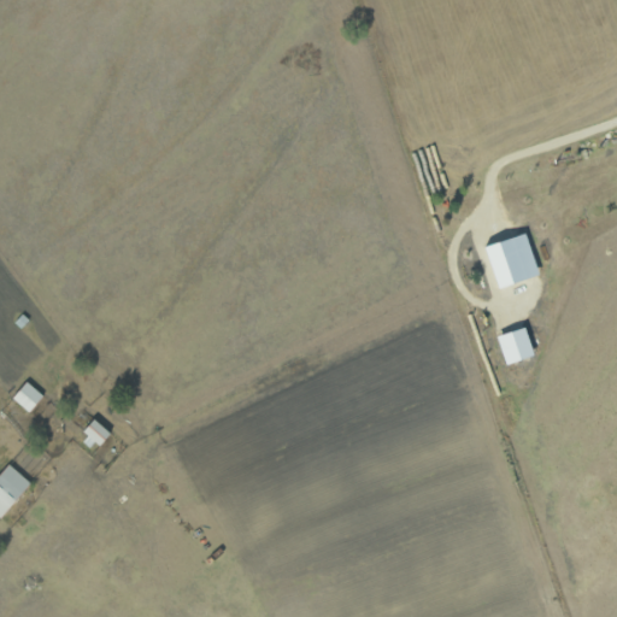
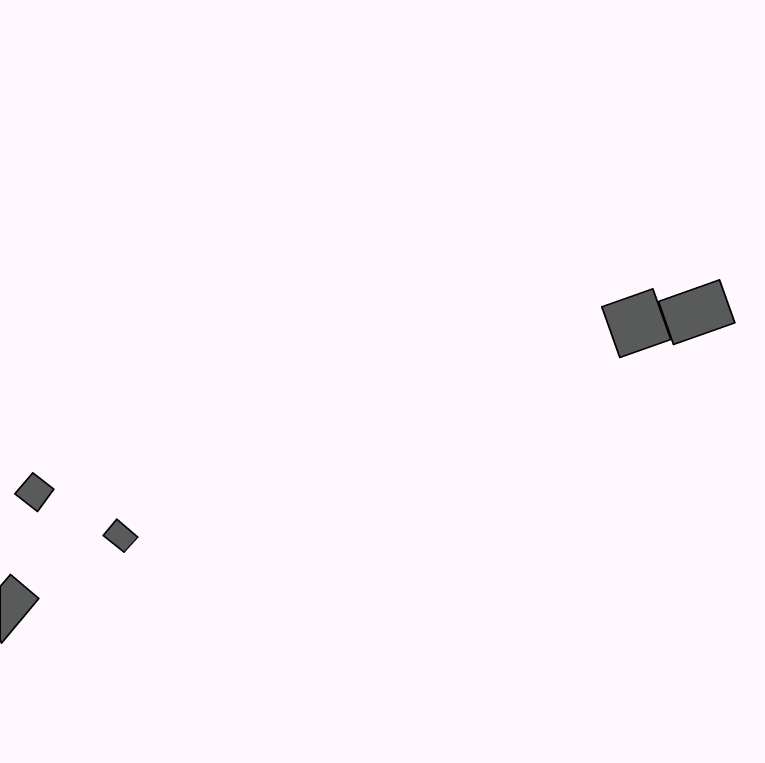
building: none -> [658,280,735,344]
building: [496,327,534,364] -> none

